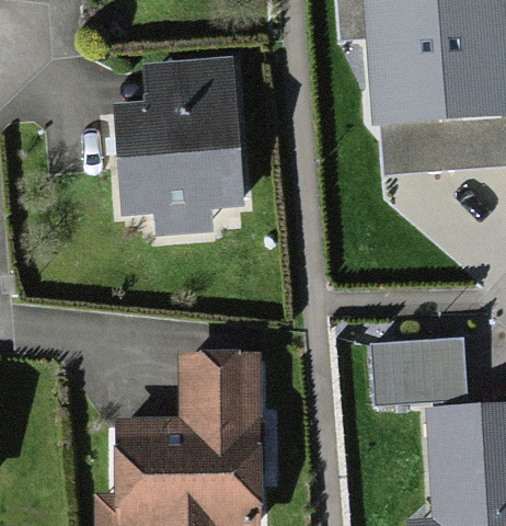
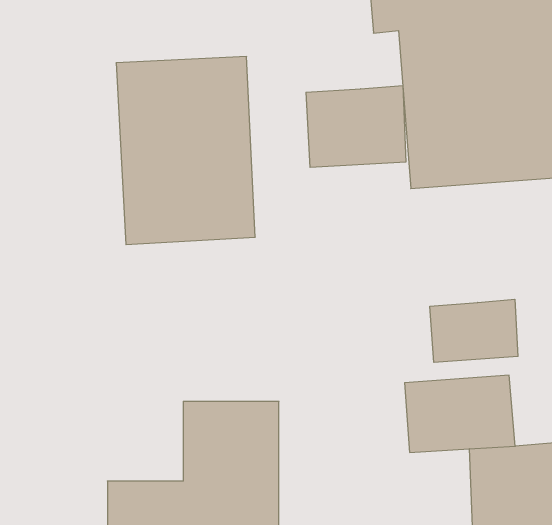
building: none -> [306,86,406,167]
building: none -> [430,299,518,362]

